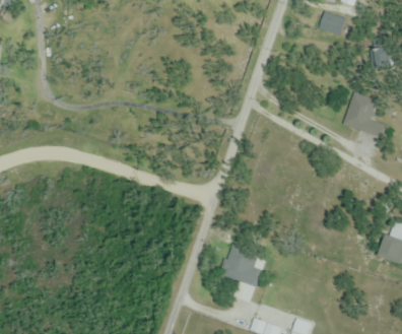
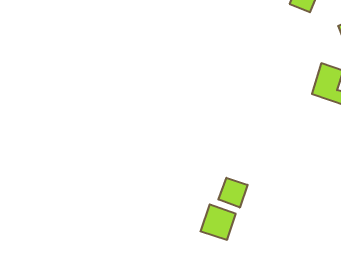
building: none -> [218,178,248,208]

